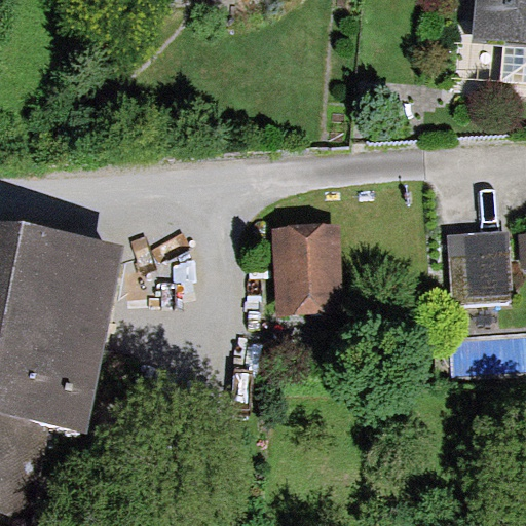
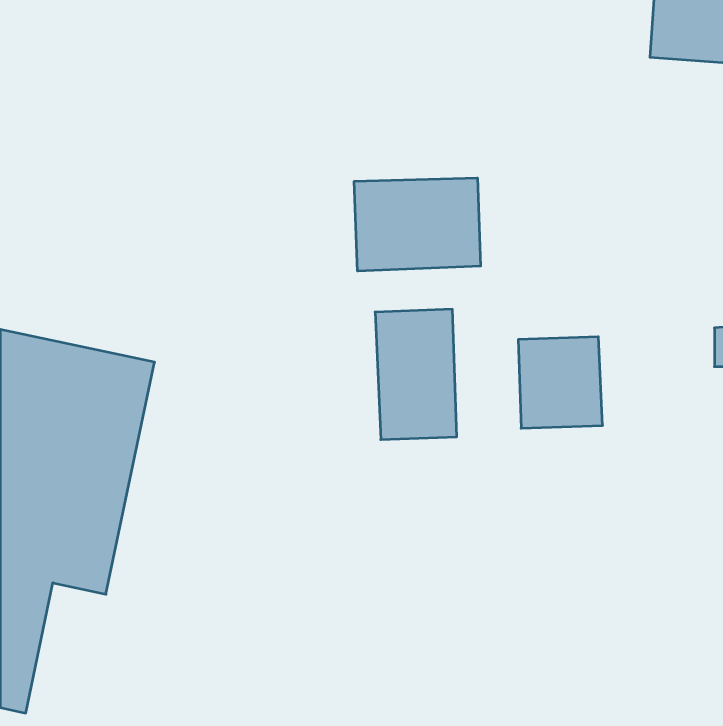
building: none -> [354,178,481,271]
building: [448,231,509,297] -> [518,337,603,428]

